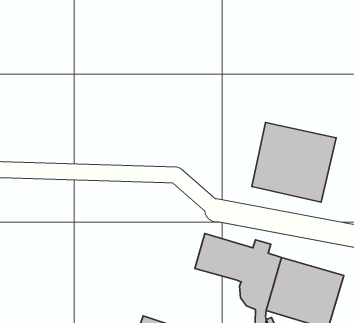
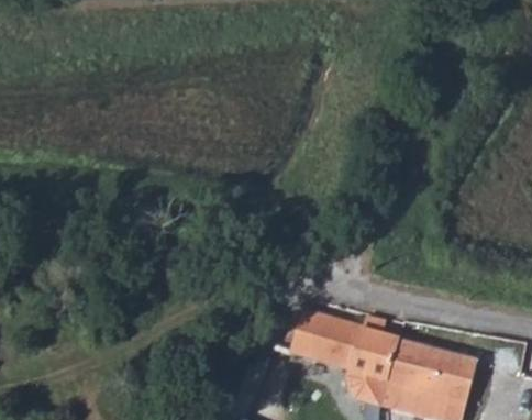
building: [252,122,336,202] -> none

